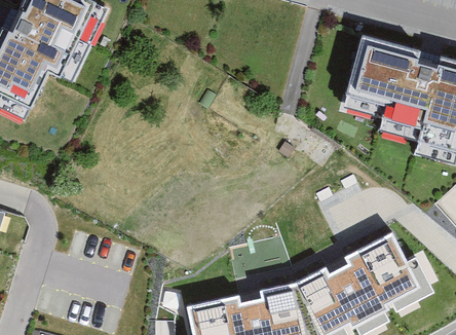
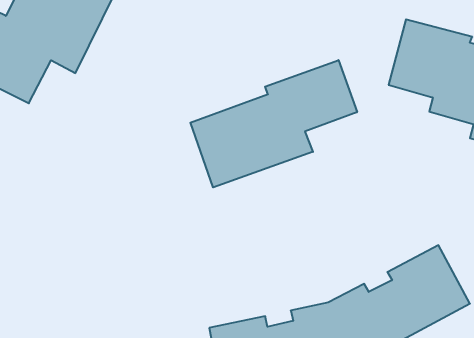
building: none -> [190,60,357,187]

